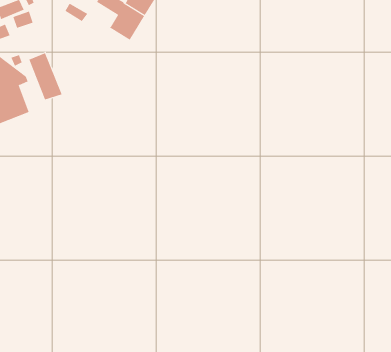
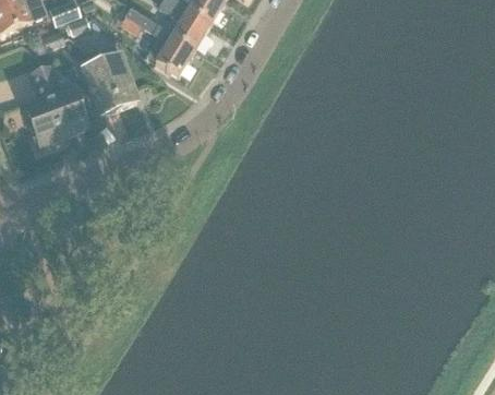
building: none -> [145,24,194,75]
building: none -> [97,44,136,107]

